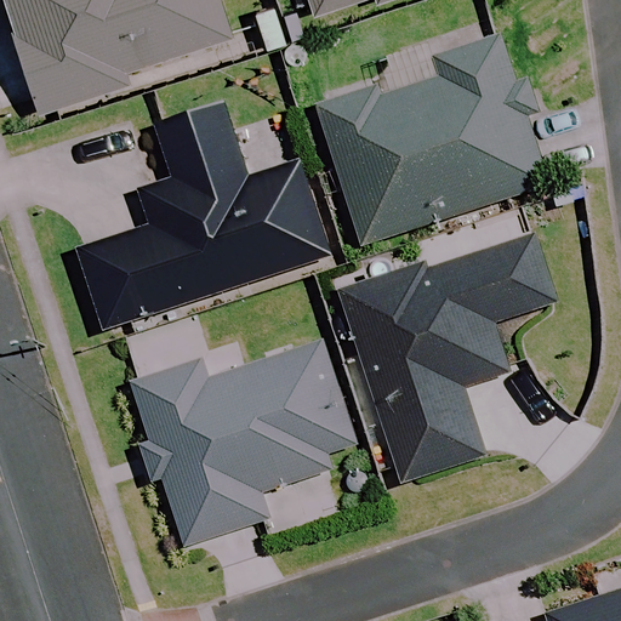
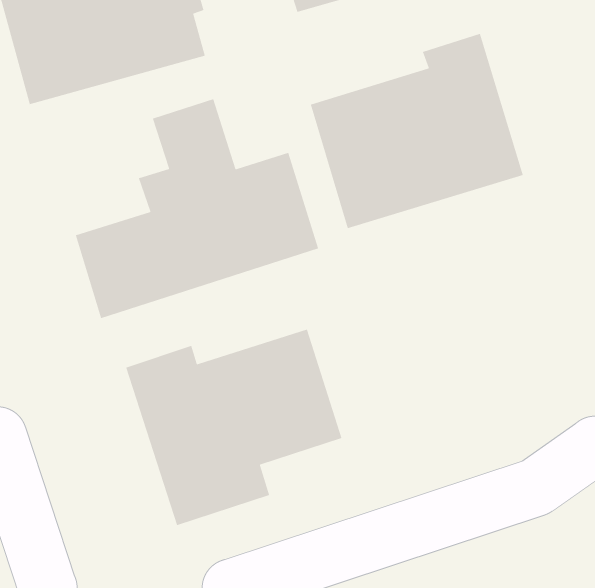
building: [338,232,562,480] -> none

